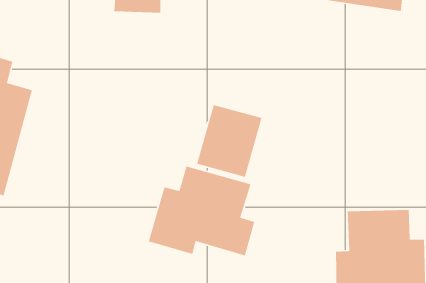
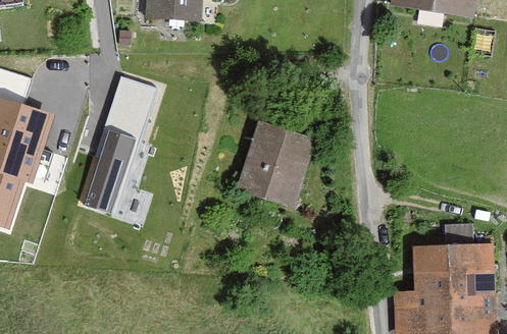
building: none -> [84,70,157,213]
building: [148,165,255,256] -> none

